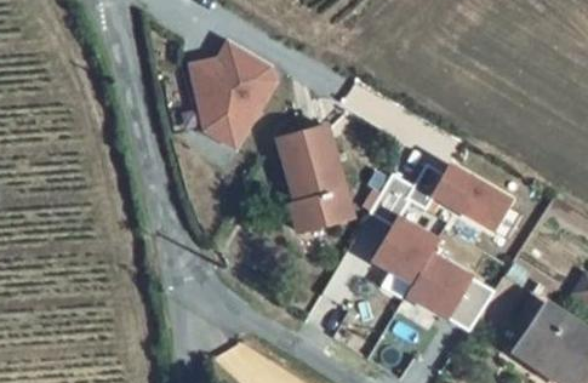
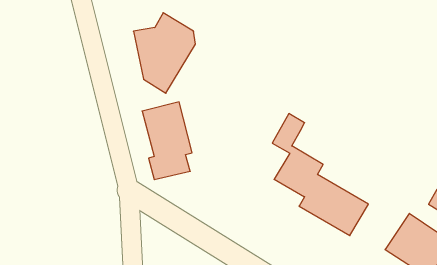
building: [280,127,346,229] -> [142,102,192,180]
building: [406,164,509,228] -> none

